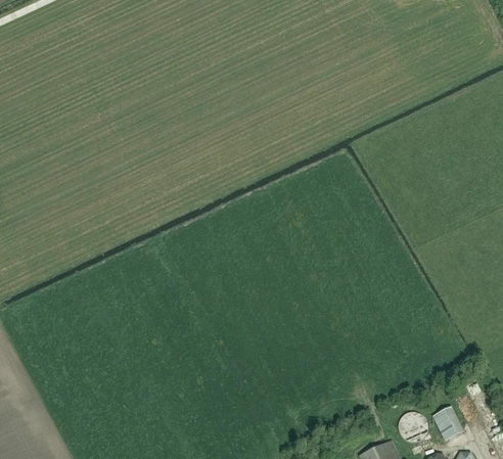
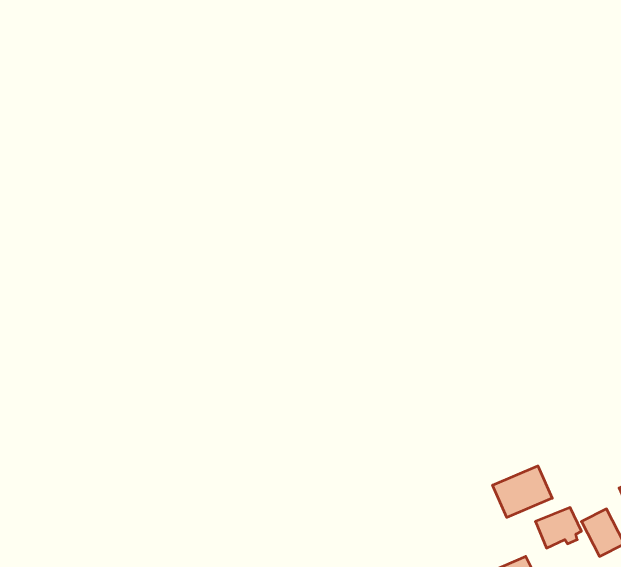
building: none -> [493,466,552,517]

